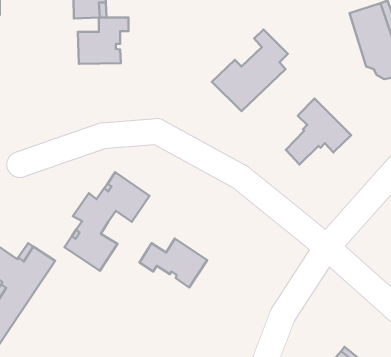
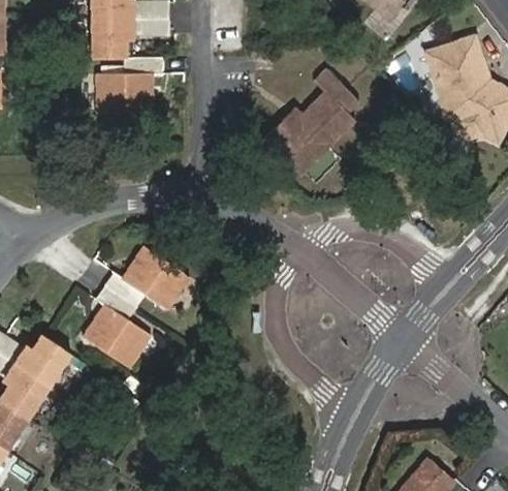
building: [286,98,351,164] -> none
building: [140,238,207,288] -> none

